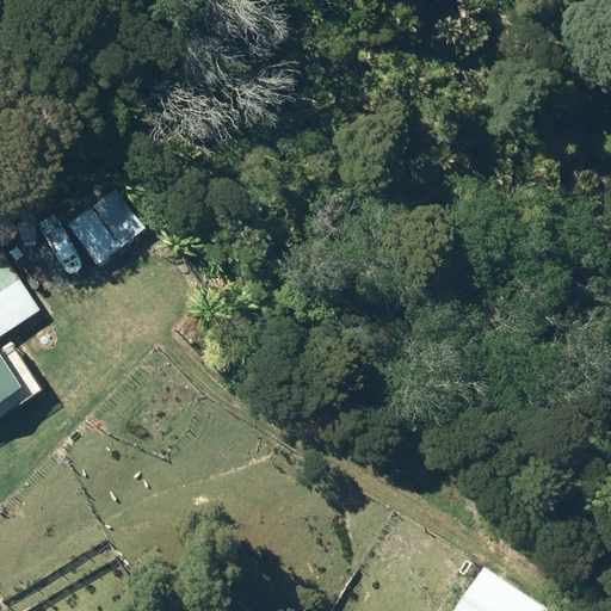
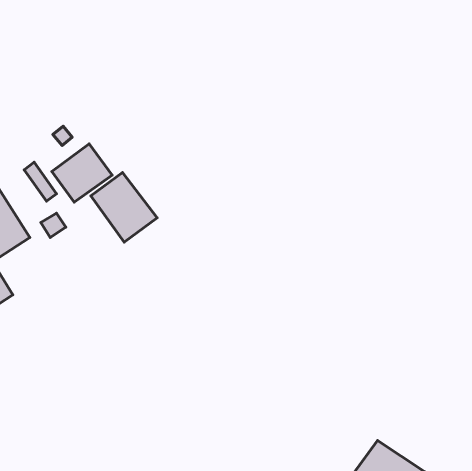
building: none -> [91,172,157,242]

